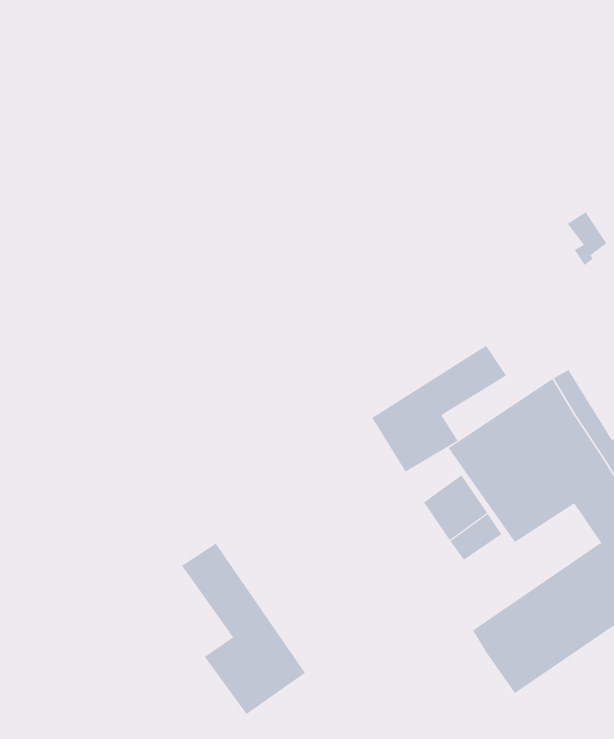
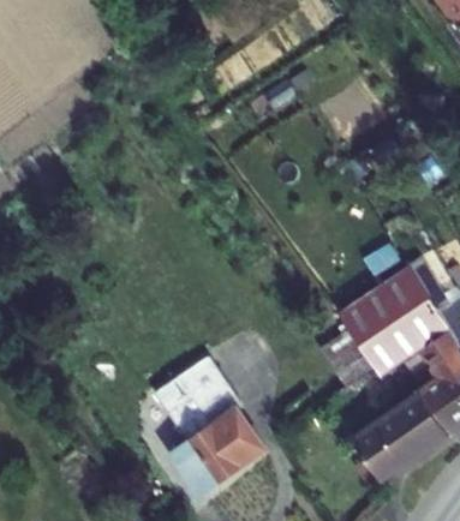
building: [371,345,507,473] -> none
building: none -> [178,358,264,466]

